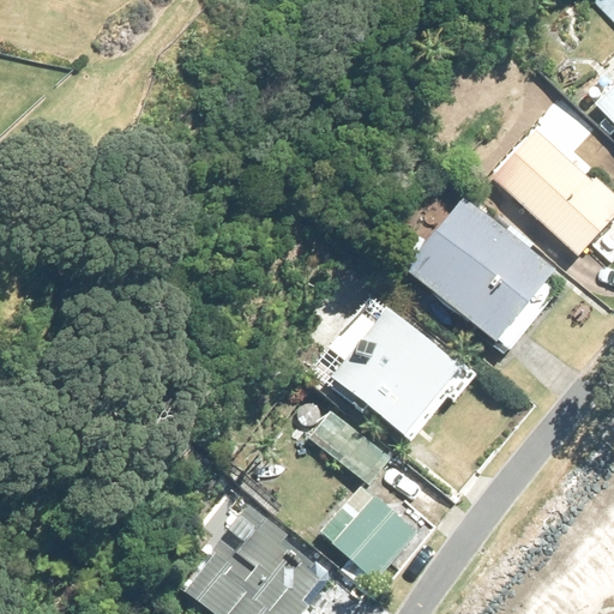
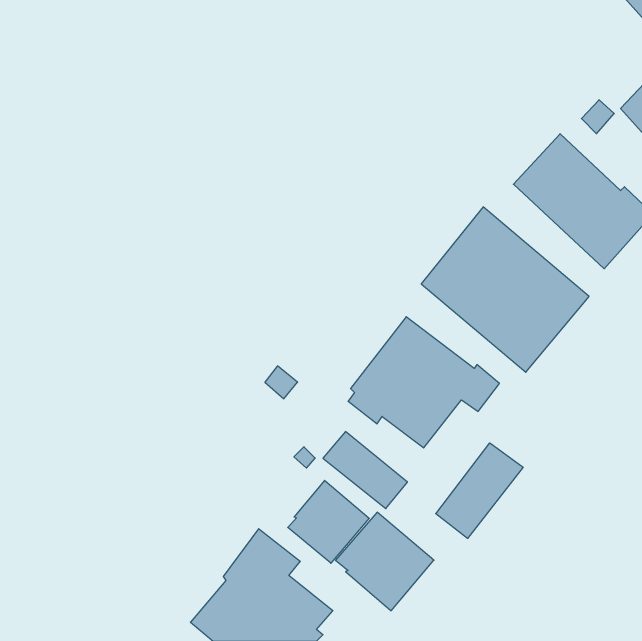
building: none -> [436,443,523,538]
building: none -> [288,480,369,563]

